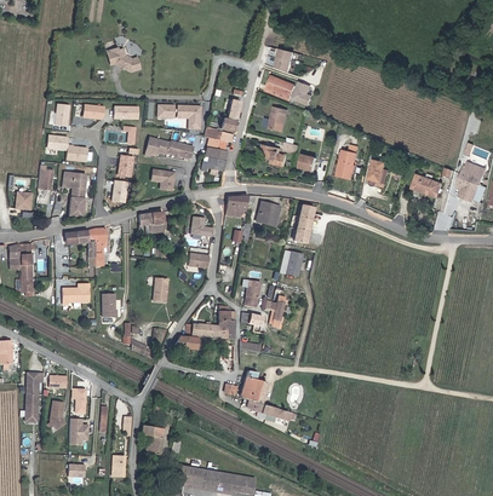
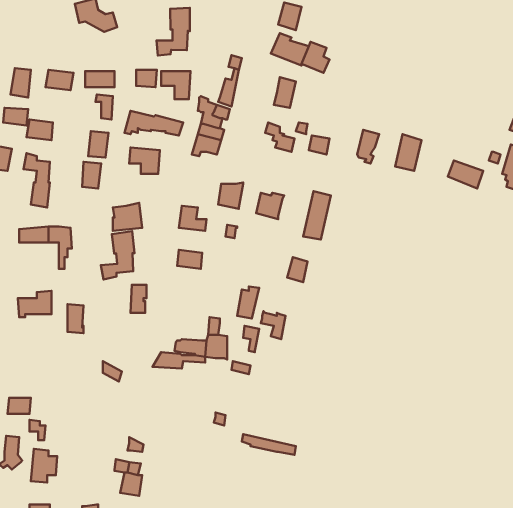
building: none -> [157,8,190,56]
building: none -> [101,231,134,279]
building: [237,370,266,404] -> none

